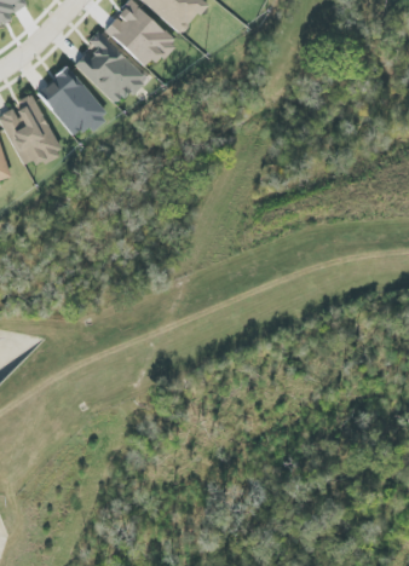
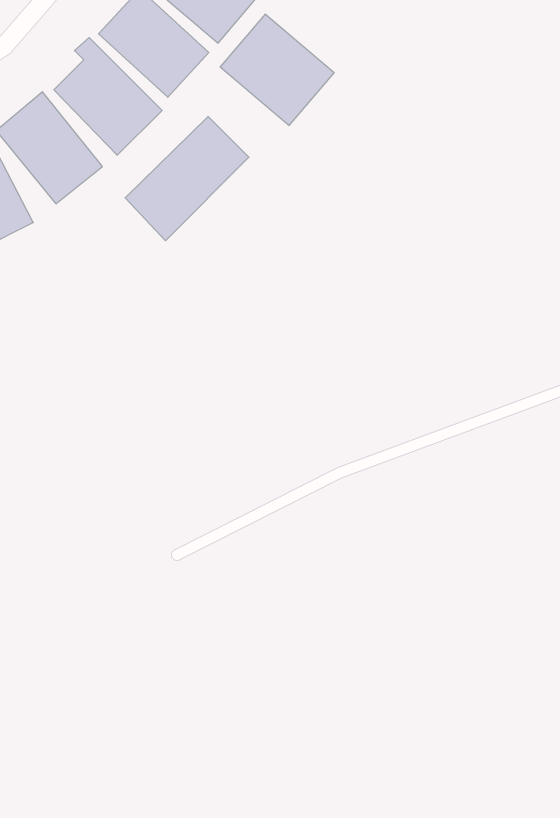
building: none -> [220,14,334,126]
building: none -> [125,116,249,241]

